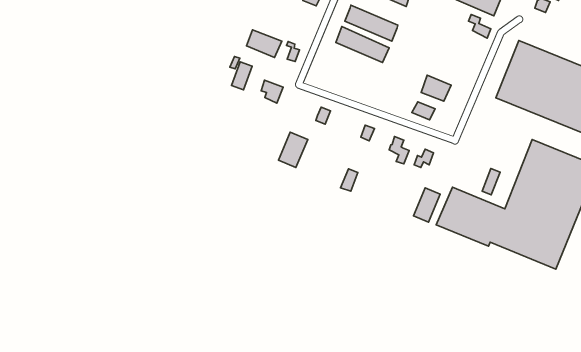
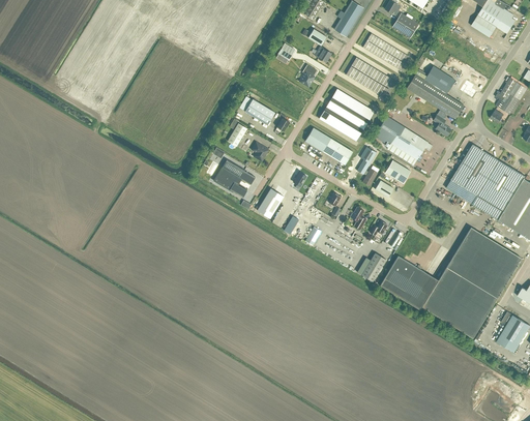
building: none -> [375,116,432,164]
building: none -> [304,127,353,164]
building: none -> [356,146,377,185]
building: none -> [216,161,255,199]

